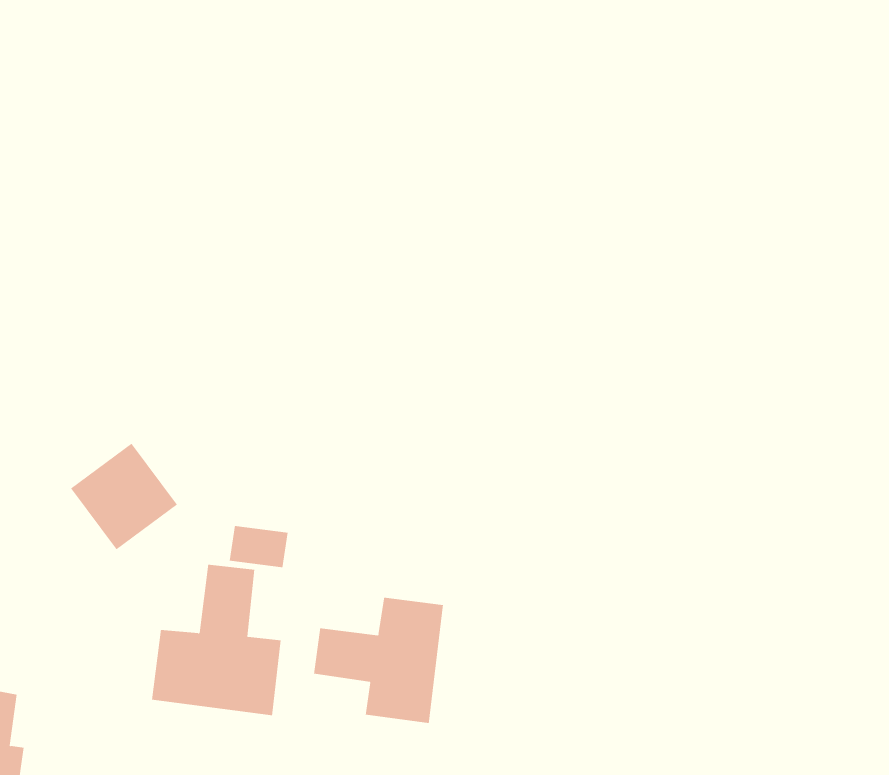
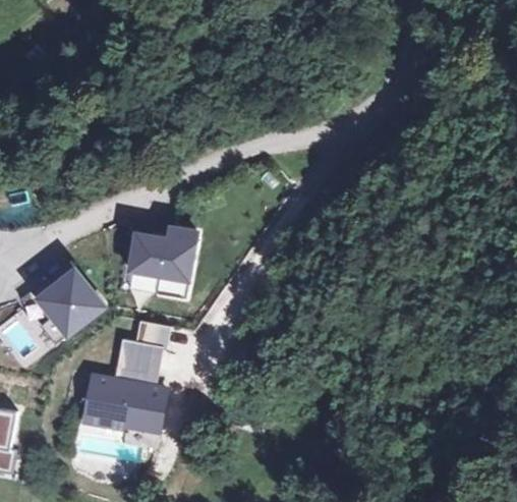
building: none -> [130,226,198,282]
building: [313,597,443,724] -> none

